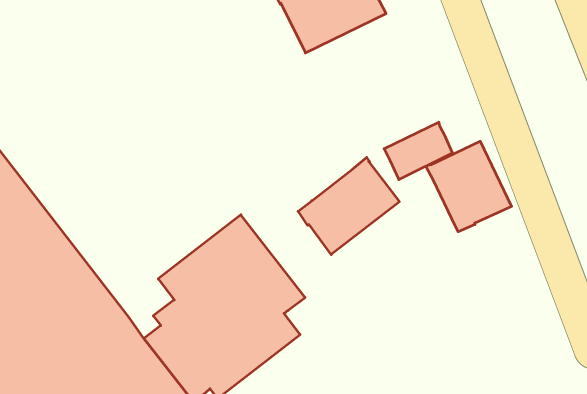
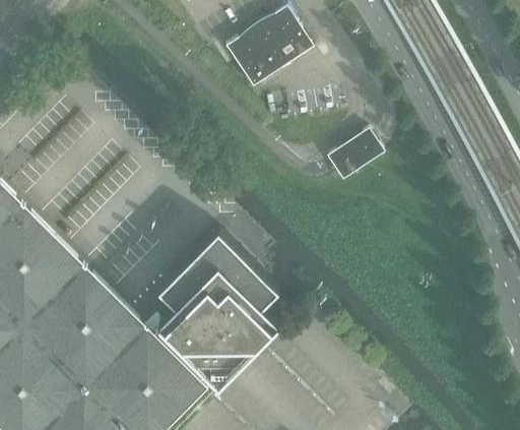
building: [426,141,512,232] -> none
building: [298,157,399,255] -> none

